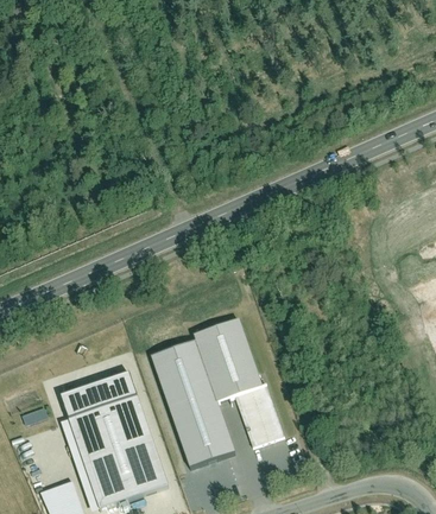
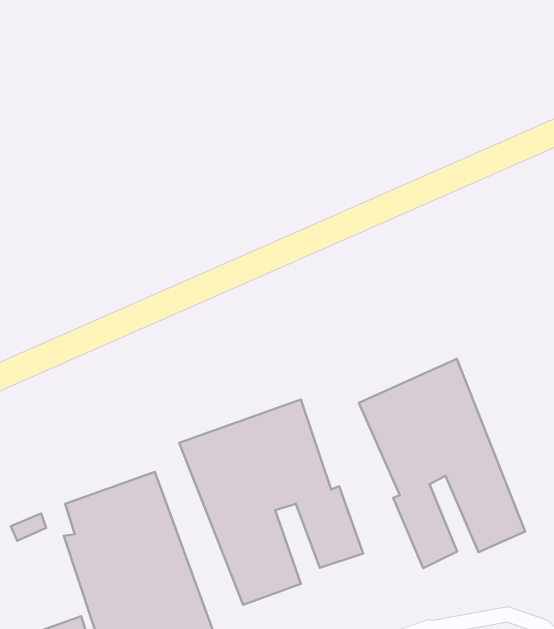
building: none -> [359,359,525,568]

